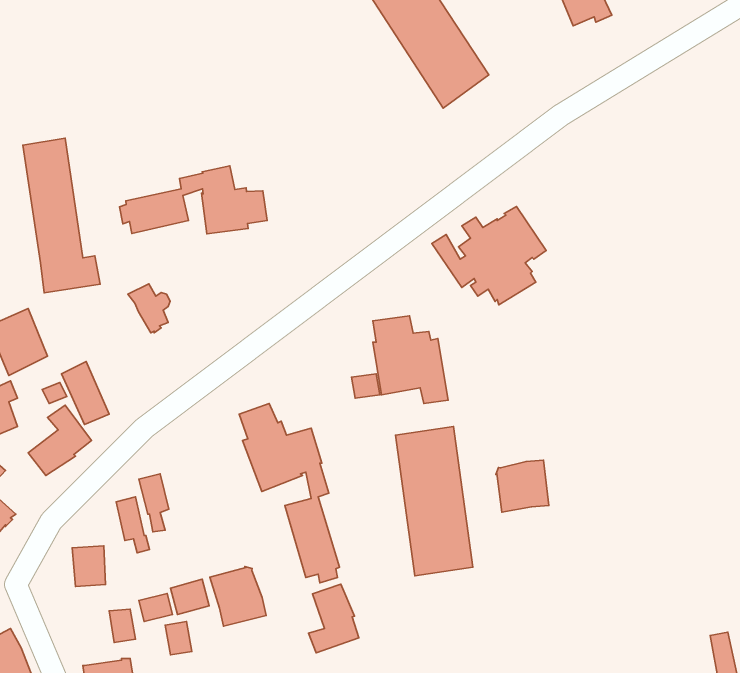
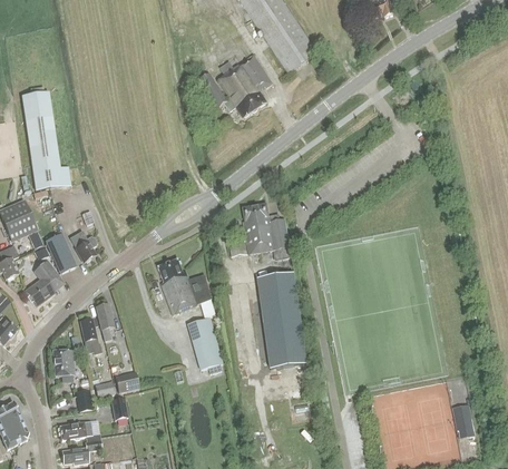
building: [120,166,267,234] -> none
building: [432,207,546,305] -> [201,55,273,117]
building: [128,284,170,333] -> [69,231,96,262]
building: [496,460,549,512] -> none
building: [210,566,266,626] -> none
building: [309,584,359,653] -> none

